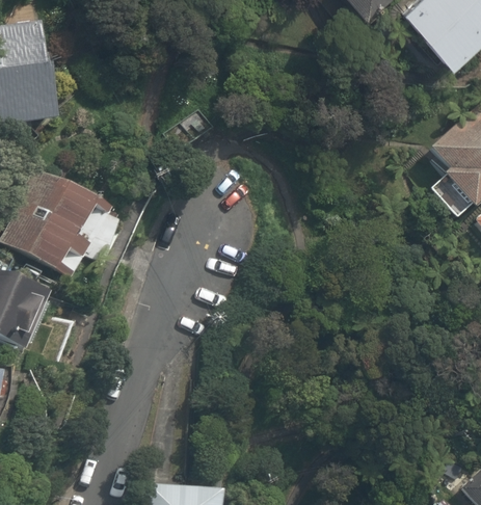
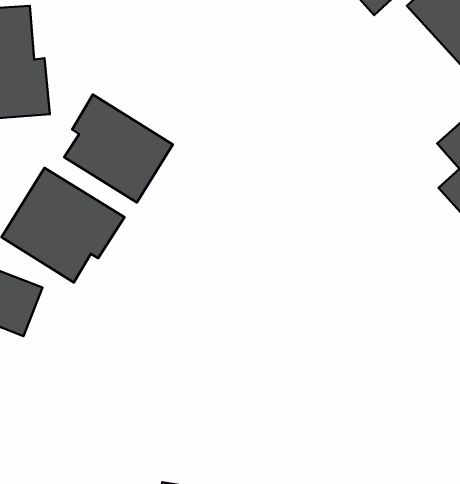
building: none -> [64,95,173,203]

